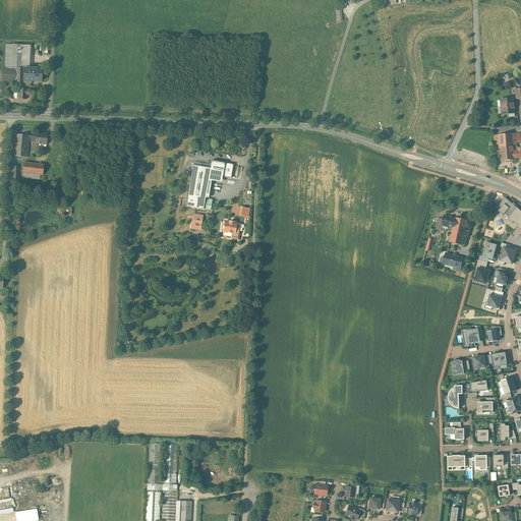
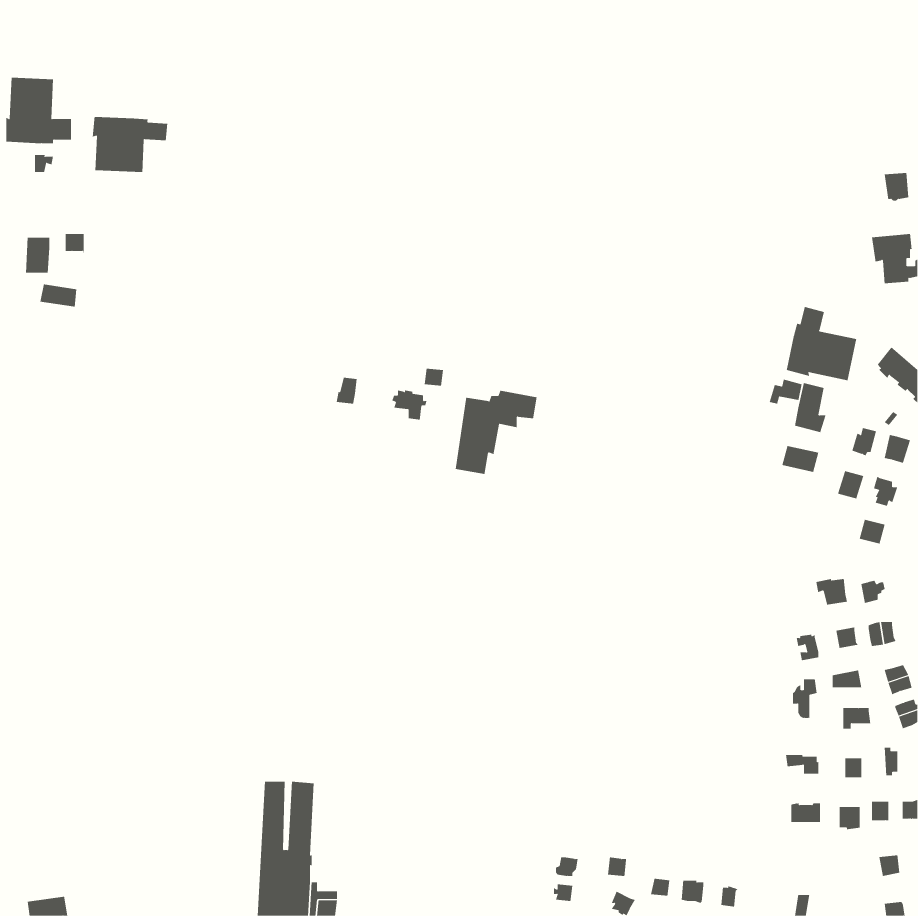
building: none -> [92,116,168,173]
building: [186,161,233,209] -> [455,390,537,475]
building: none -> [786,306,857,381]

